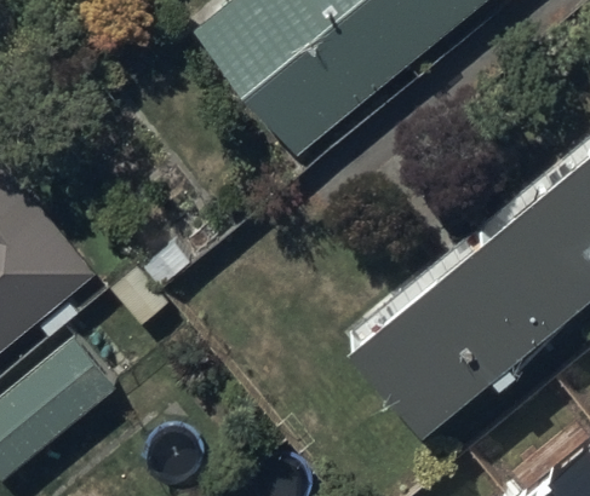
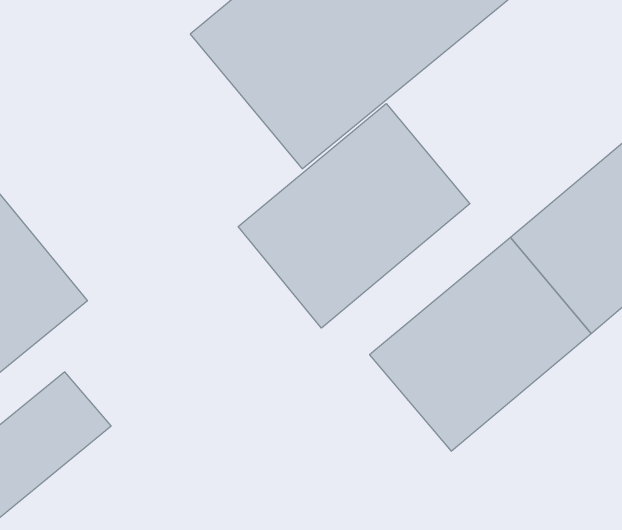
building: none -> [238,104,470,328]

